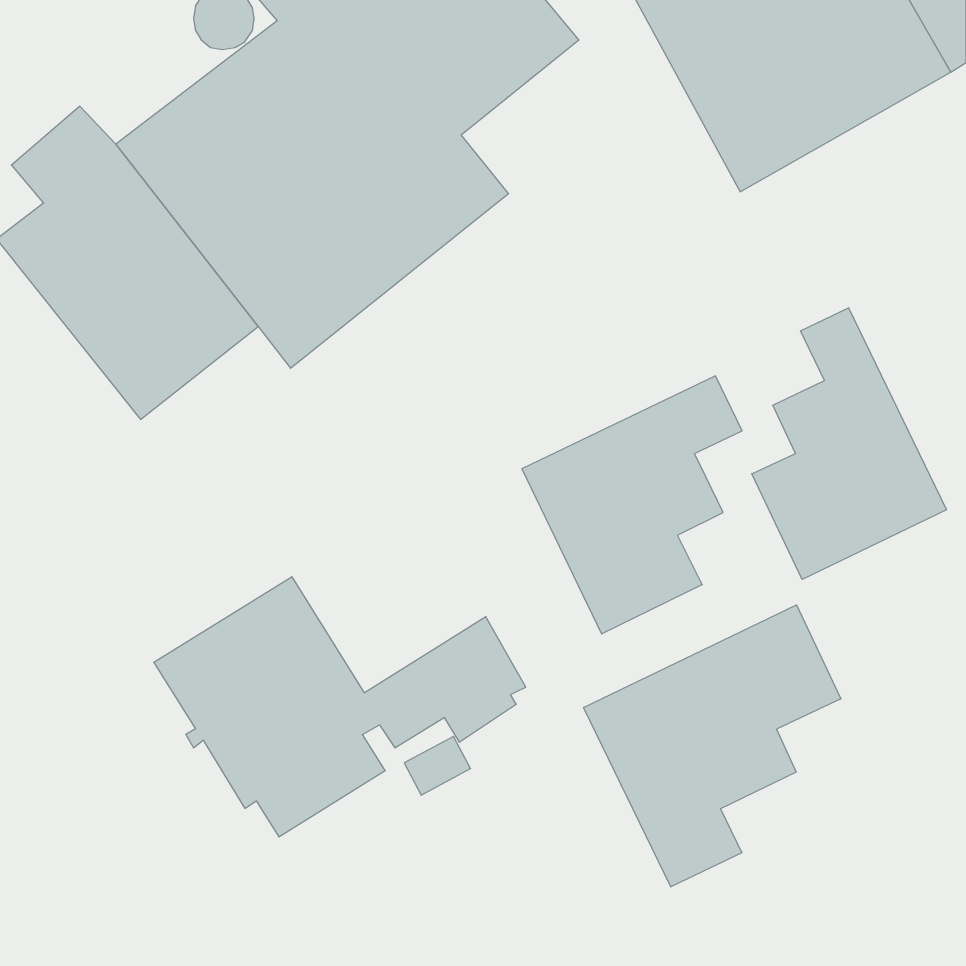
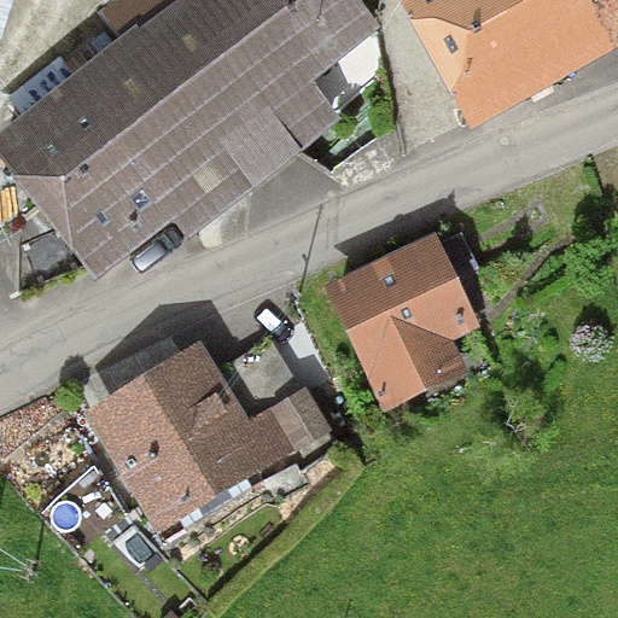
building: [752,308,947,579] -> none
building: [584,605,841,887] -> none

